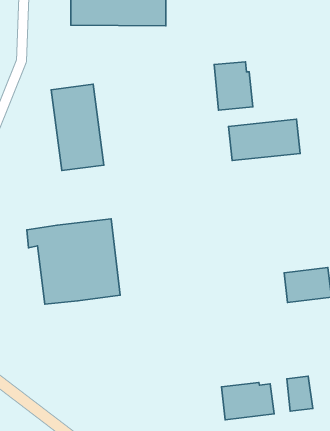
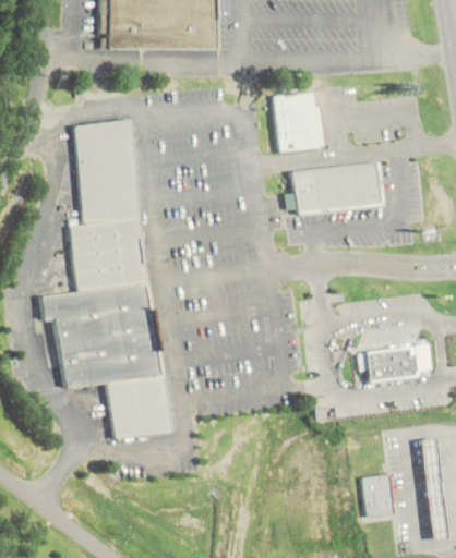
building: none -> [73,218,147,291]
building: none -> [107,376,166,438]
building: [221,383,274,420] -> none

